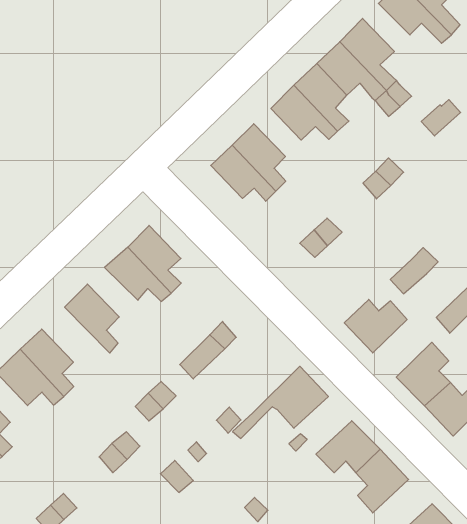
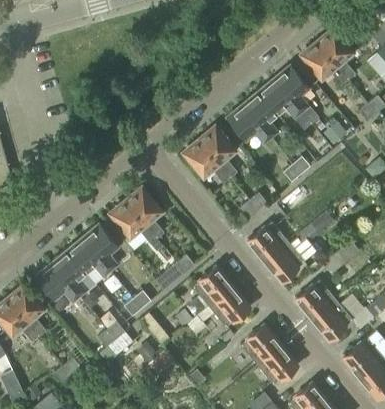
building: none -> [248,221,282,261]
building: none -> [68,237,111,275]
building: none -> [193,266,234,315]

